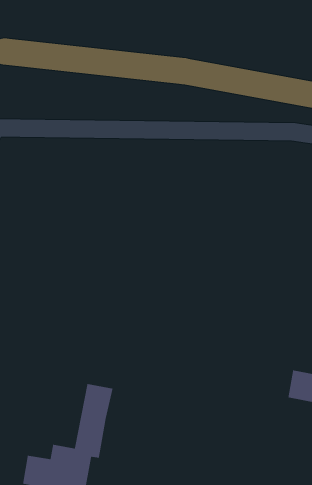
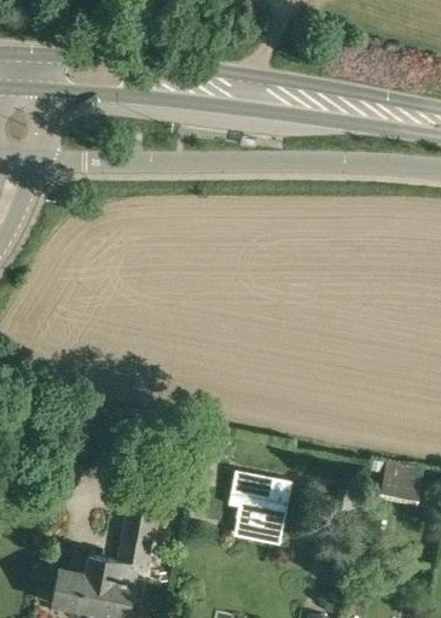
building: none -> [228,474,291,532]

